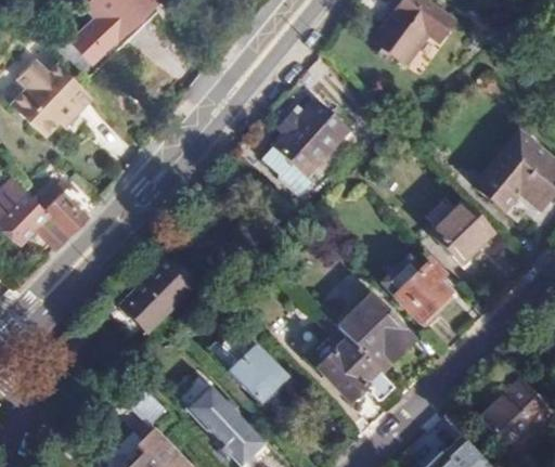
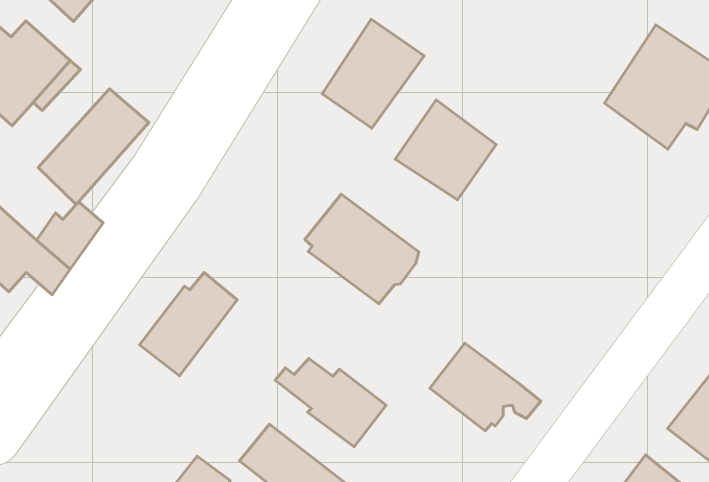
building: none -> [38,89,149,204]
building: none -> [395,100,496,200]
building: [431,202,493,254] -> none
building: [396,259,454,325] -> none
building: [334,289,413,371] -> [305,194,419,304]

